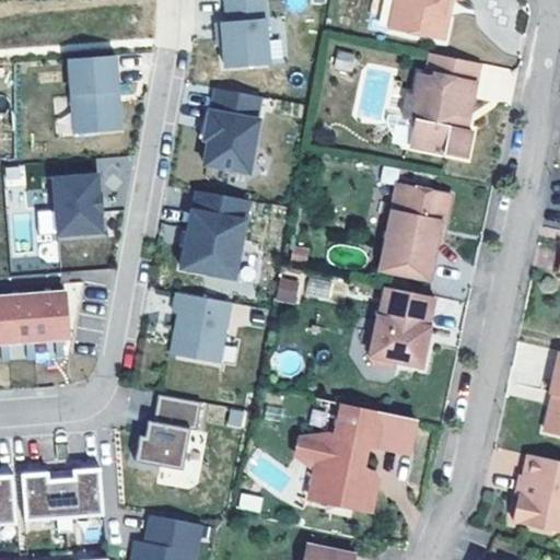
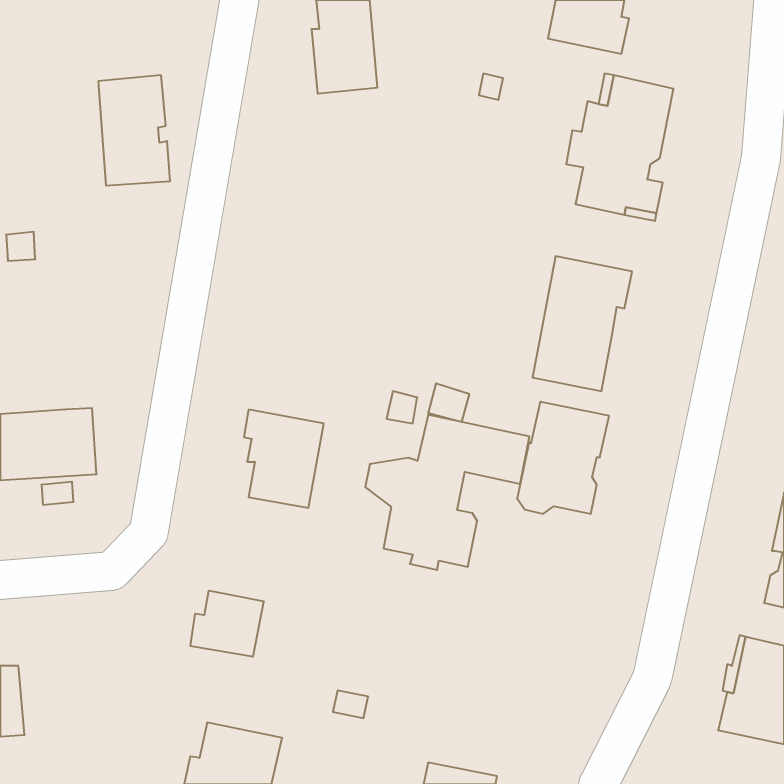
building: [205,88,260,172] -> none
building: [54,174,103,233] -> none
building: [180,189,249,278] -> none
building: [154,395,198,430] -> none
building: [298,402,415,513] -> [365,415,529,570]
building: [22,467,105,533] -> none

